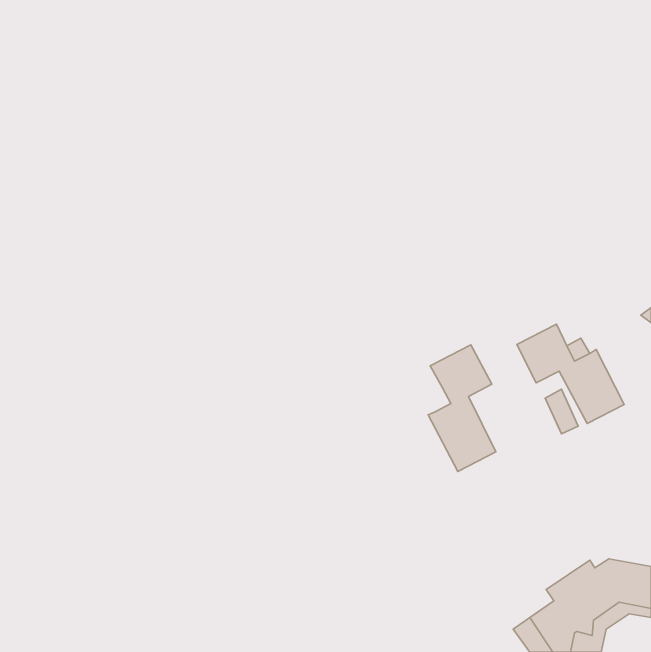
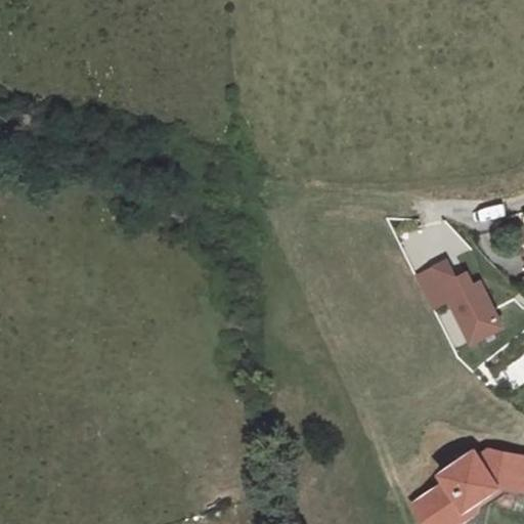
building: [428,345,496,472] -> none

